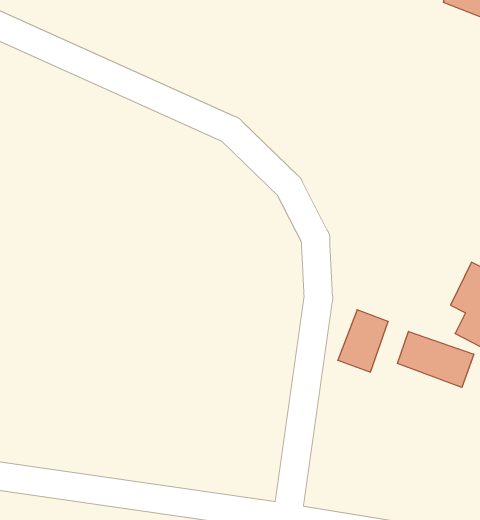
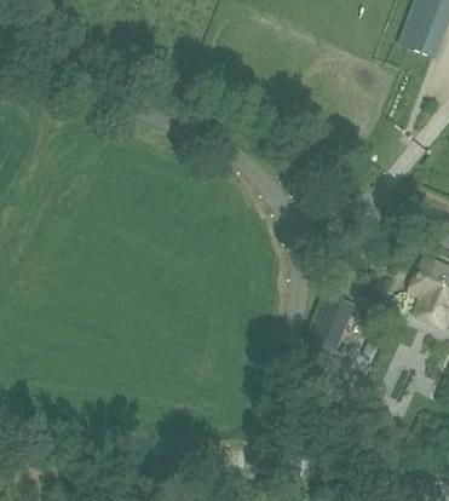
building: [398,331,474,387] -> none

